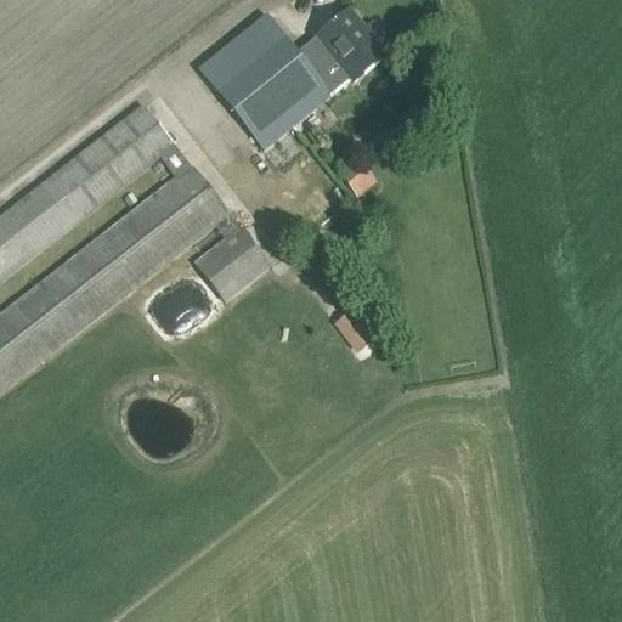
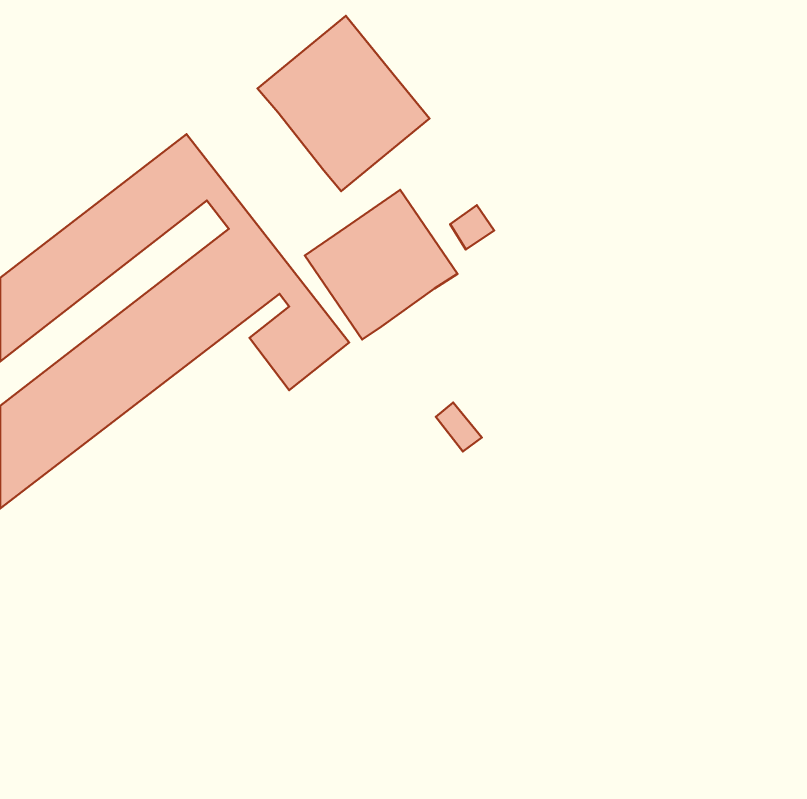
building: [302,7,395,91] -> none
building: none -> [305,190,457,339]

